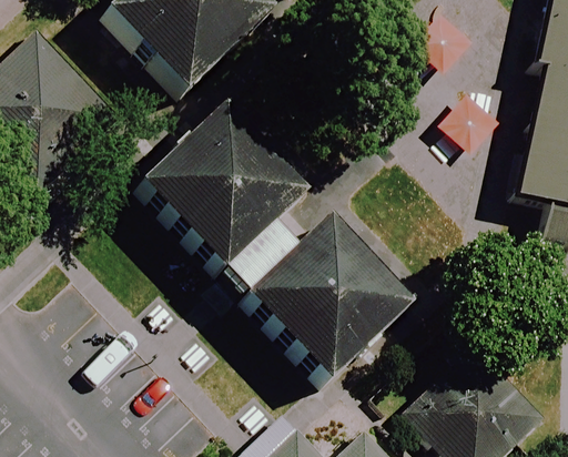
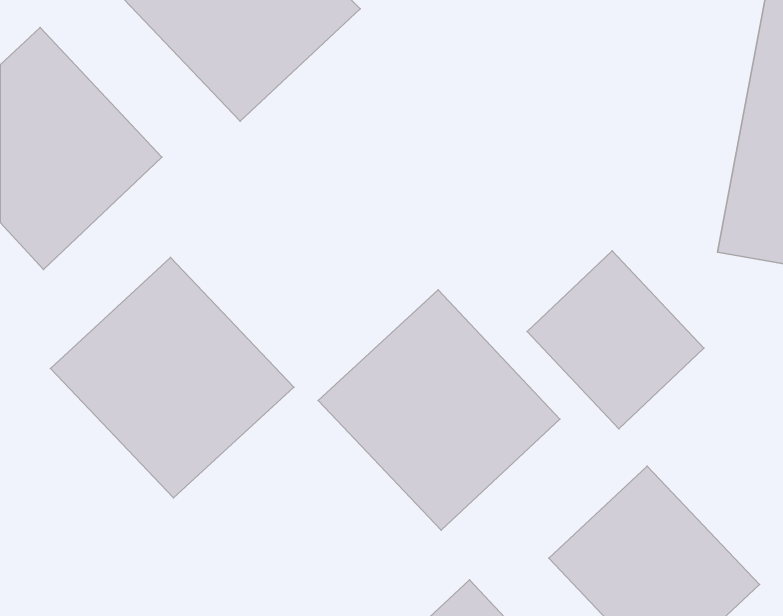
building: [130,98,303,268] -> [50,258,294,498]
building: none -> [527,251,704,429]

